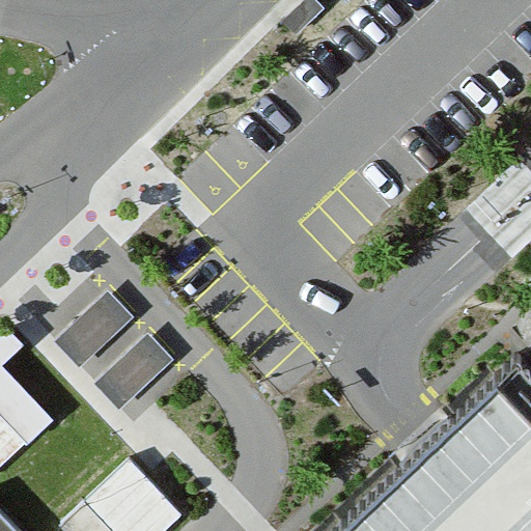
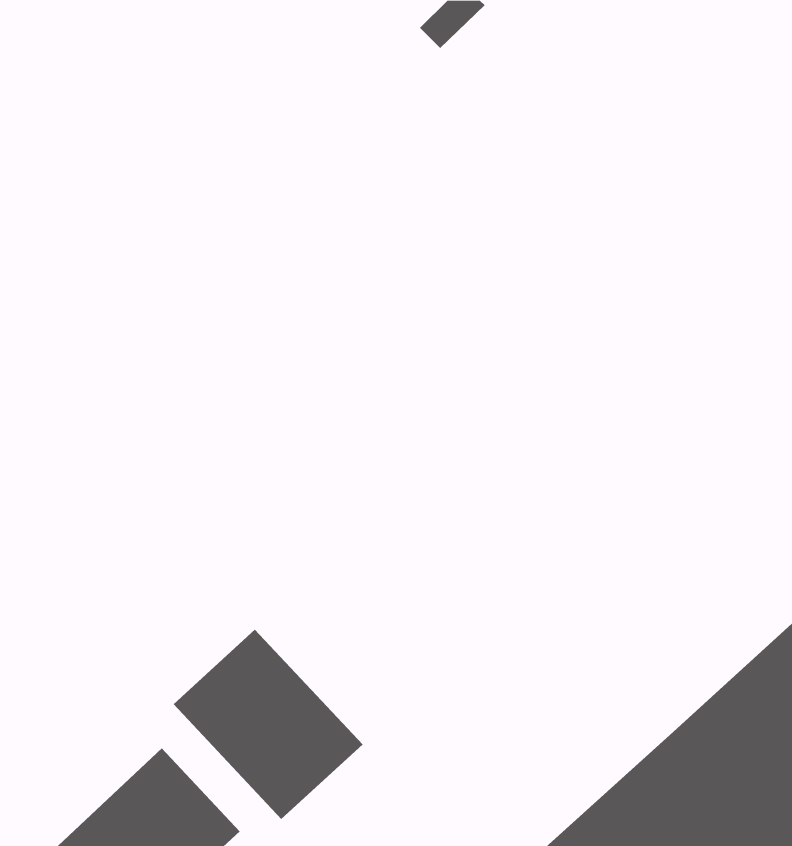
building: [58,298,171,411] -> [173,629,364,820]

